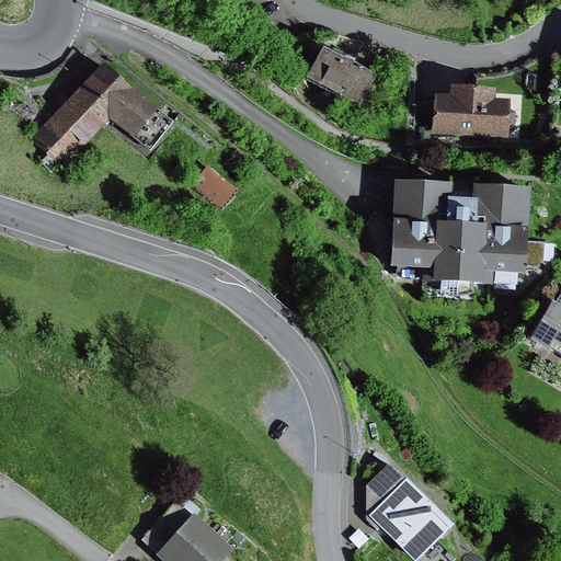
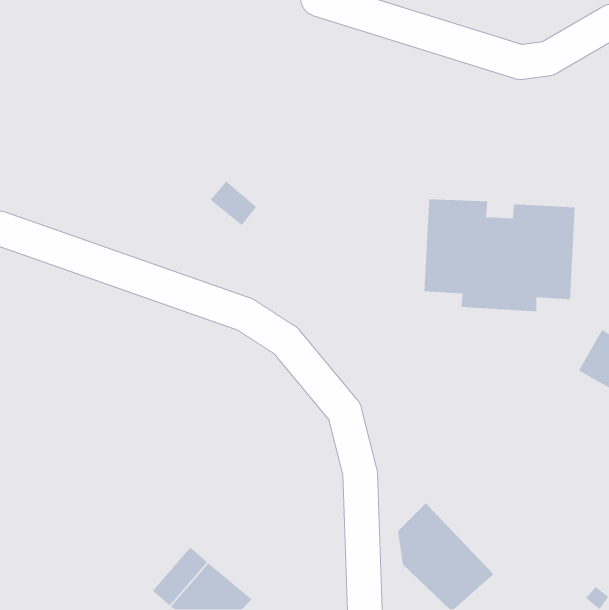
building: [306,48,376,108] -> none
building: [32,56,176,165] -> none
building: [434,85,508,137] -> none

